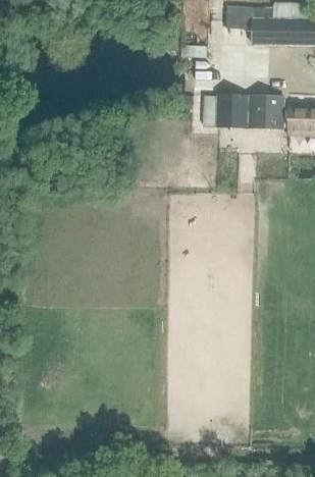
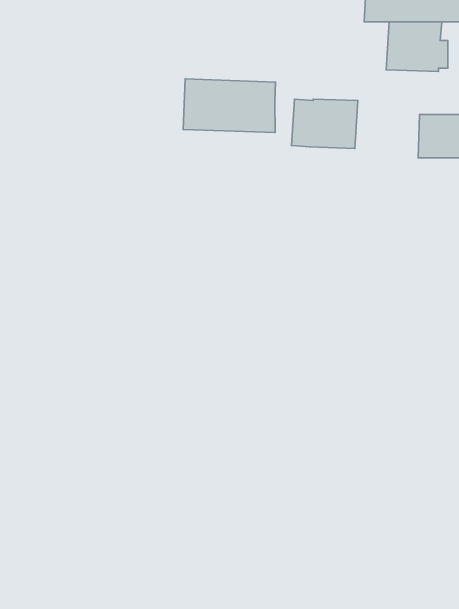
building: none -> [183,79,276,133]
building: [247,96,287,128] -> [386,22,448,71]

